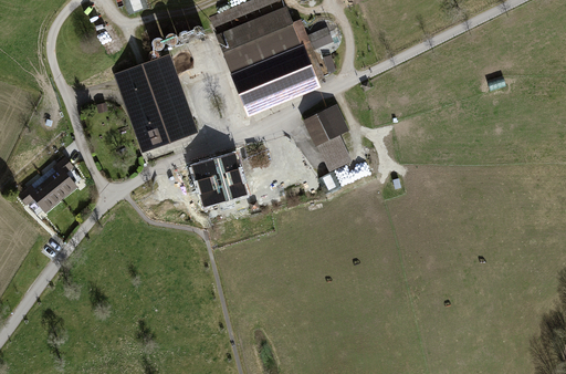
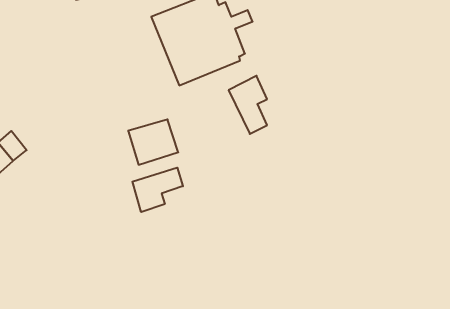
building: [115,56,193,147] -> none
building: none -> [132,168,183,212]

